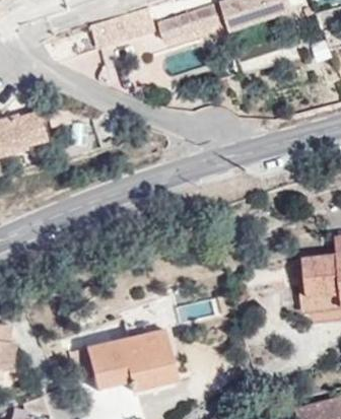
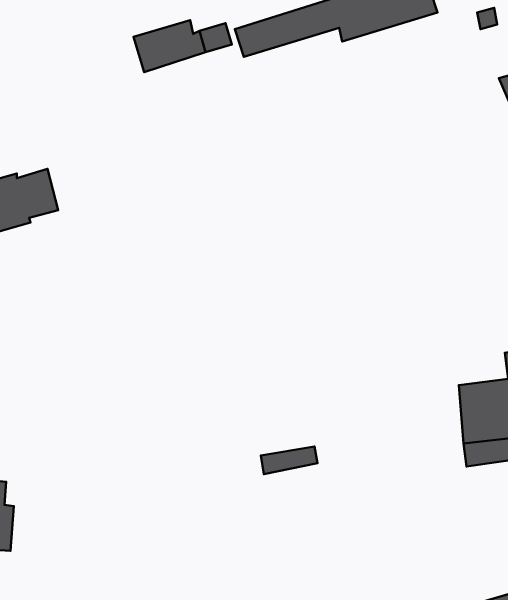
building: [88,328,177,388] -> none

